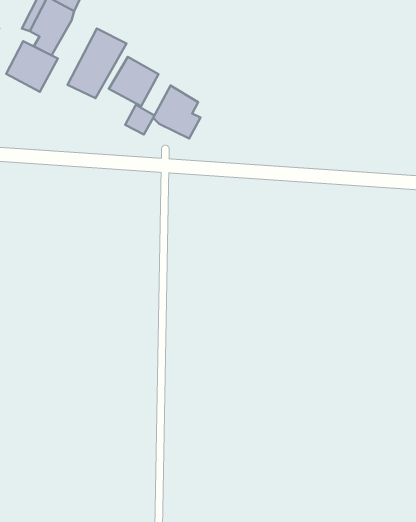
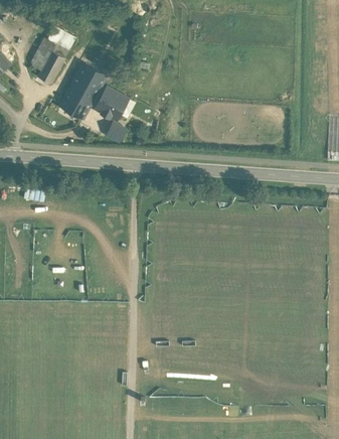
building: [6,41,58,92] -> none
building: [153,85,200,138] -> none

